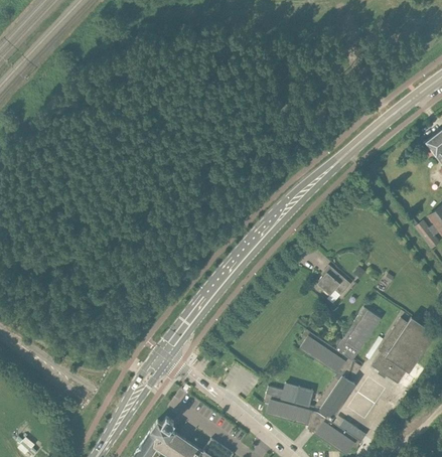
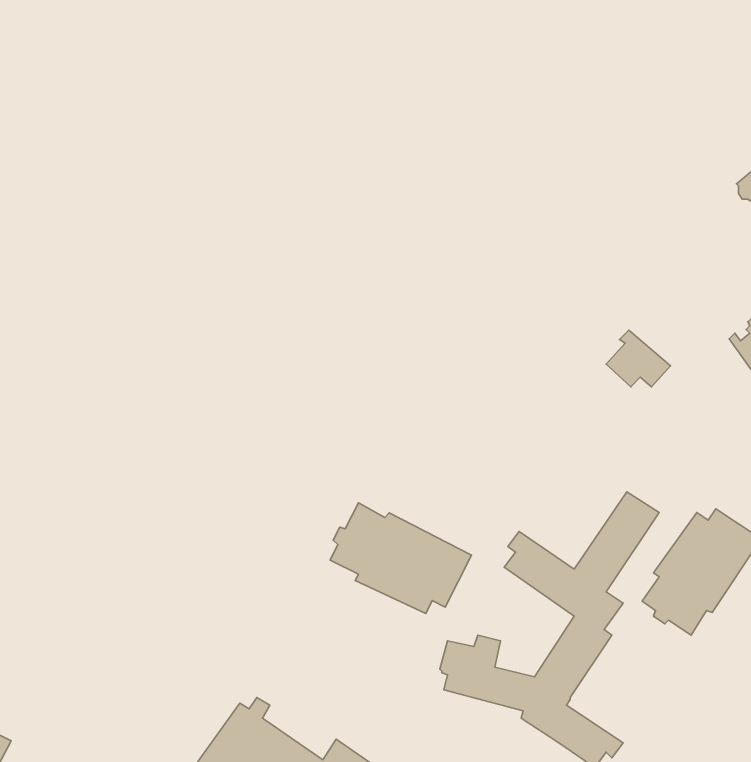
building: [317,265,351,295] -> [606,330,671,387]
building: none -> [330,503,472,614]

